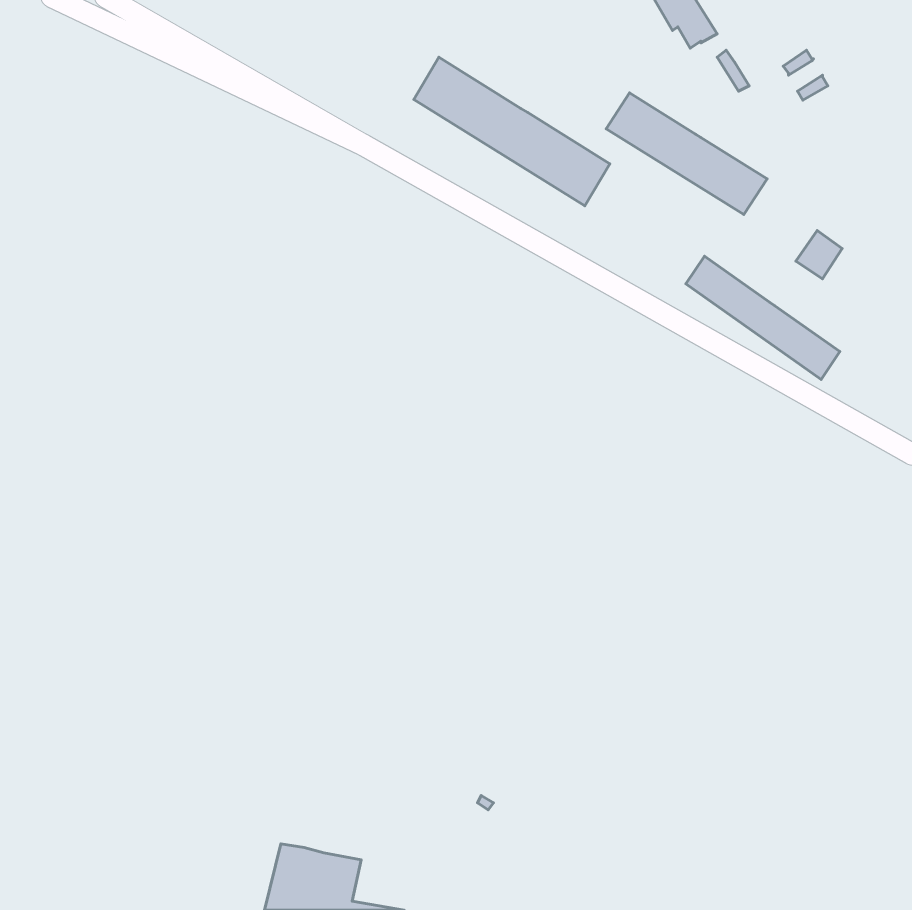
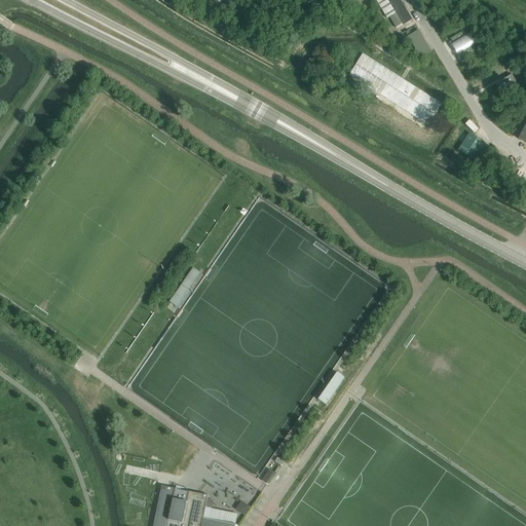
building: [414,57,610,206] -> none
building: [686,256,840,379] -> none

